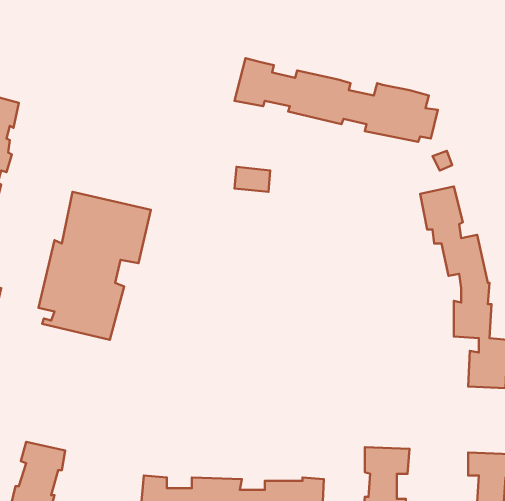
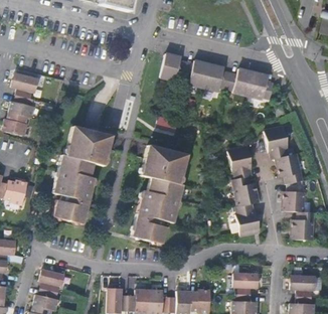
building: none -> [131,146,192,247]
building: none -> [227,146,259,240]
building: none -> [46,202,88,226]

